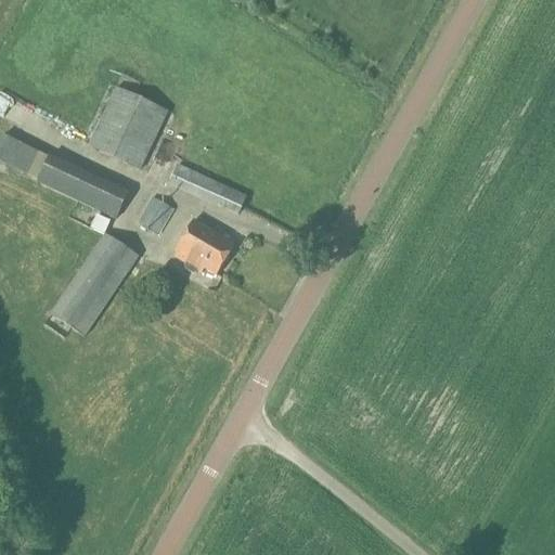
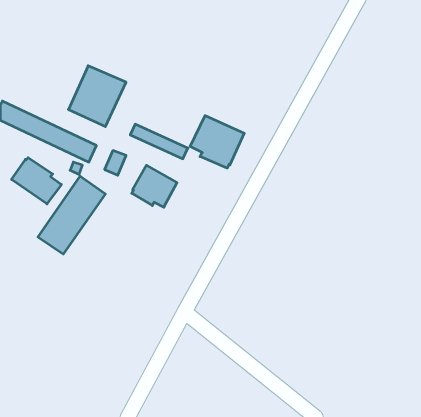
building: none -> [190,116,244,168]
building: none -> [12,158,61,204]

